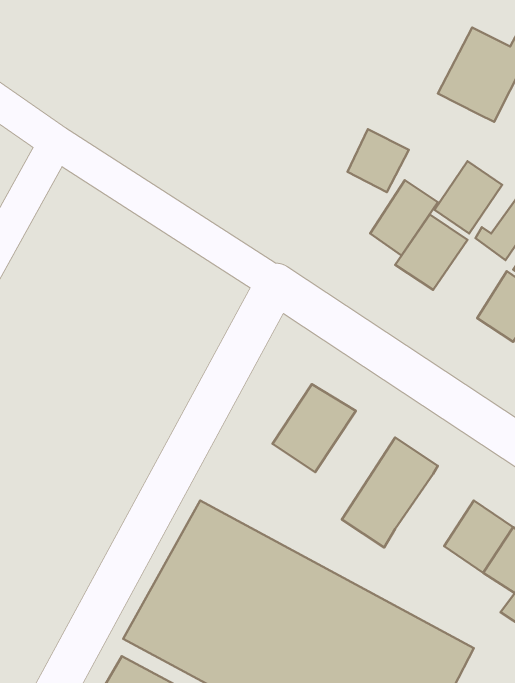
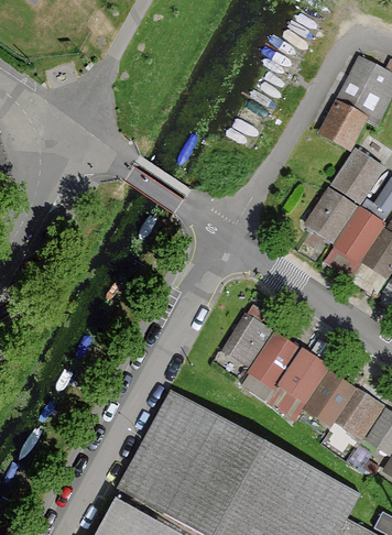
building: [347,129,409,192] -> [320,106,363,150]
building: [370,180,438,256] -> [336,209,383,262]
building: none -> [240,328,305,404]
building: none -> [305,372,360,430]

